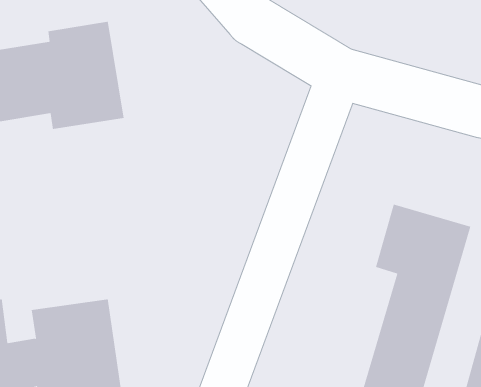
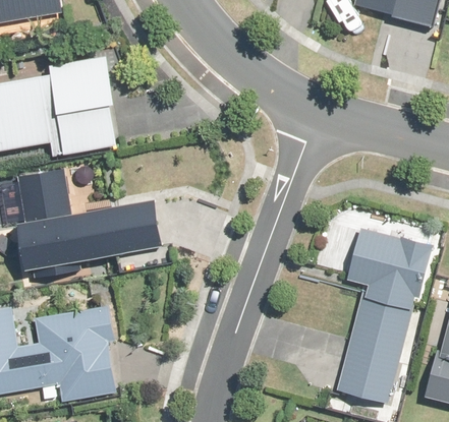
building: none -> [14,170,159,268]

